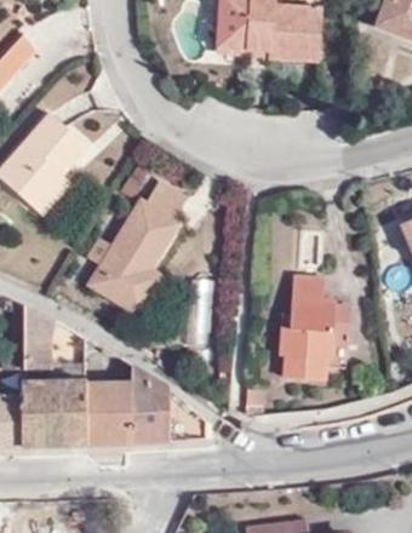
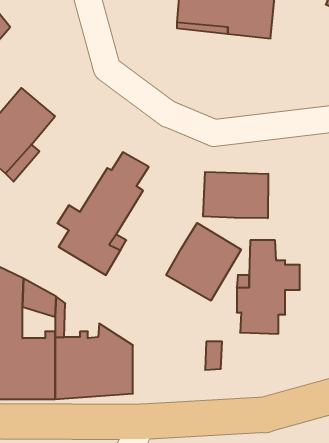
building: none -> [203,172,268,218]
building: none -> [166,223,241,301]

